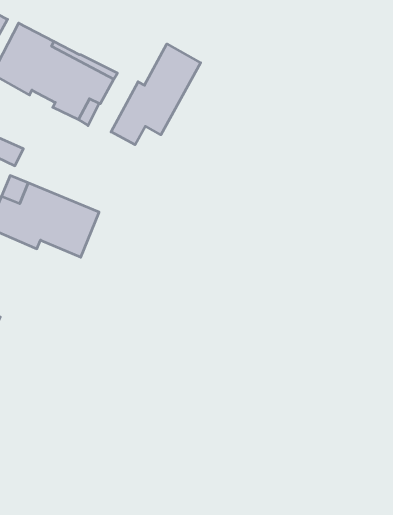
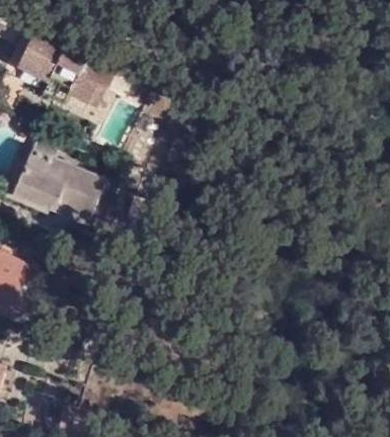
building: [111,44,201,145] -> none

